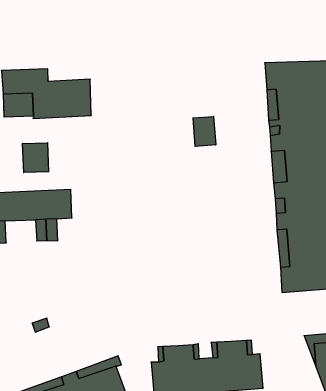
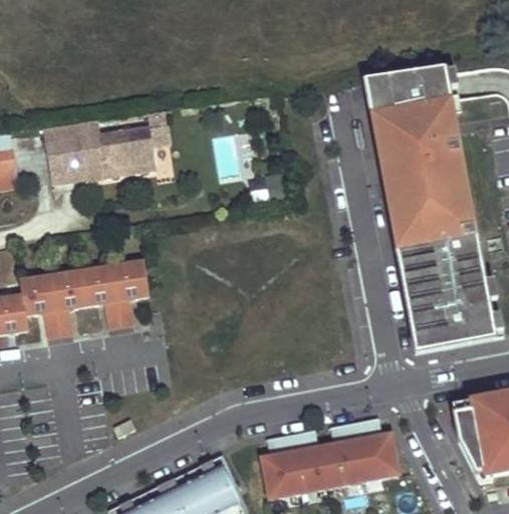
building: [193,116,216,146] -> none
building: [23,143,49,173] -> none

